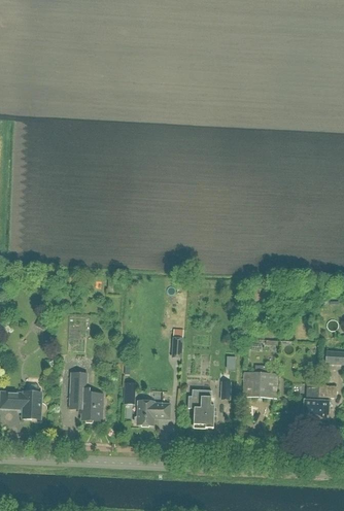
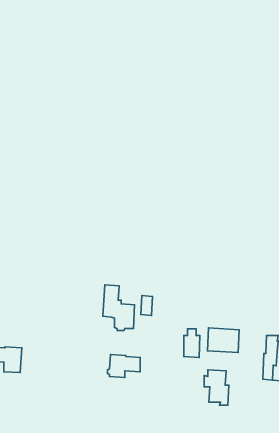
building: [69,372,103,421] -> [103,285,134,331]
building: [187,388,214,427] -> [204,370,229,405]

